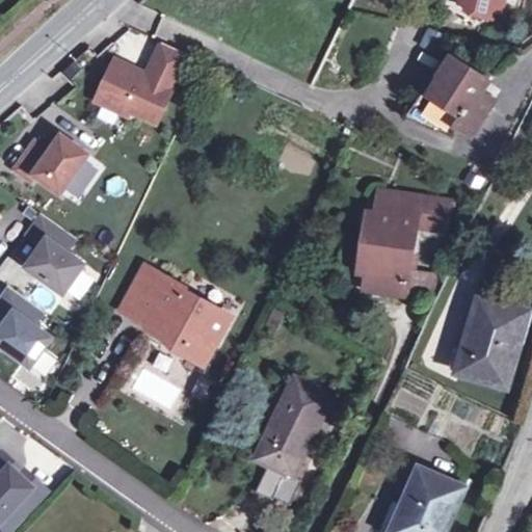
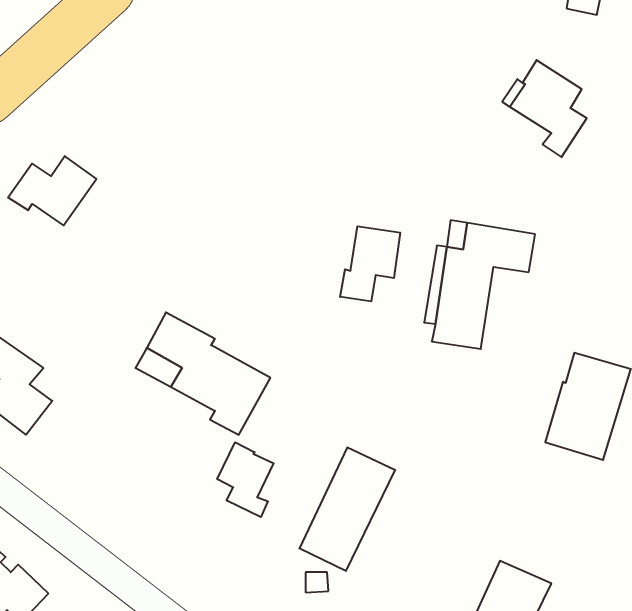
building: [90,42,188,130] -> none
building: none -> [340,226,400,301]
building: [21,212,82,294] -> none
building: none -> [217,442,274,517]

